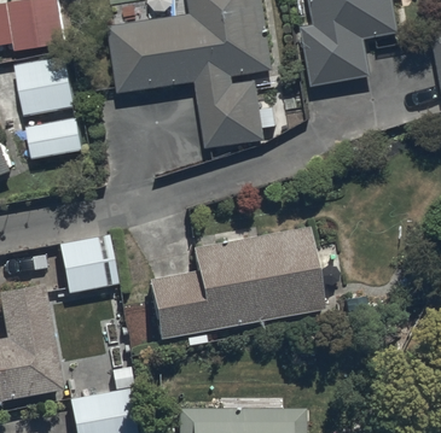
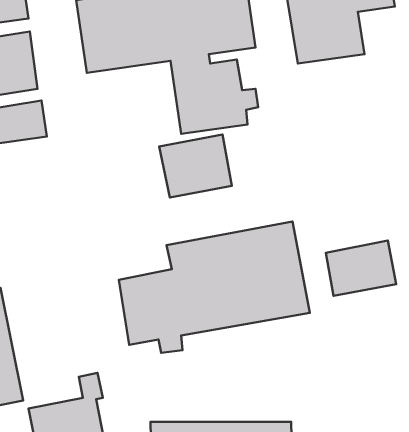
building: none -> [159,134,232,197]
building: [59,233,116,292] -> none
building: none -> [326,240,396,296]

